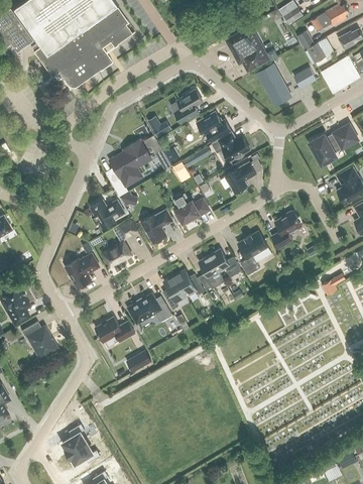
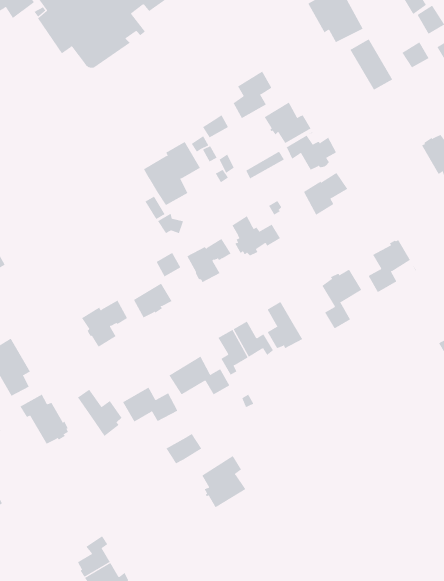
building: [91,199,125,227] -> none
building: [209,248,241,276] -> none
building: none -> [77,389,122,437]
building: none -> [201,455,246,508]

